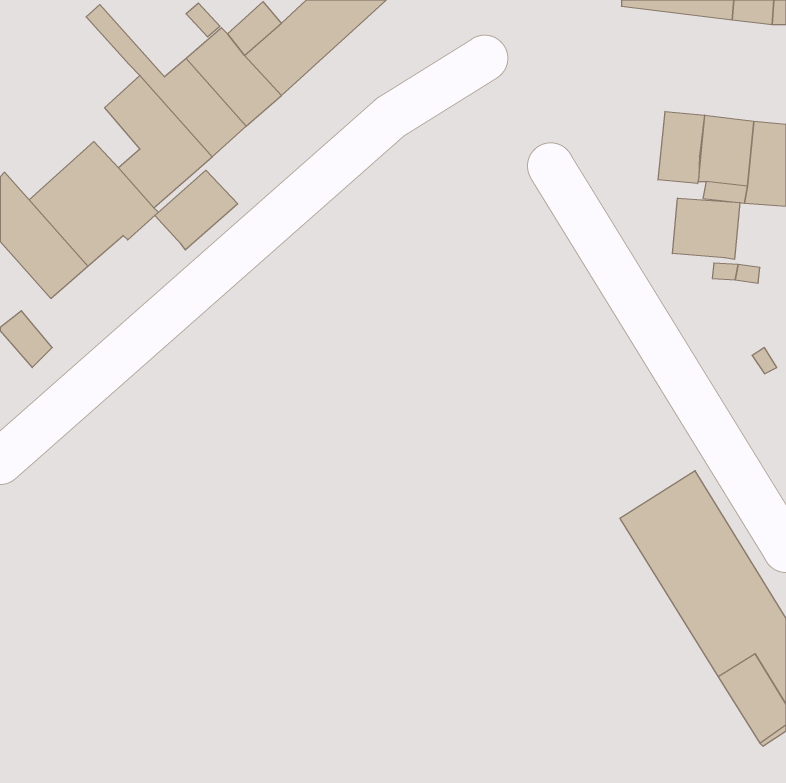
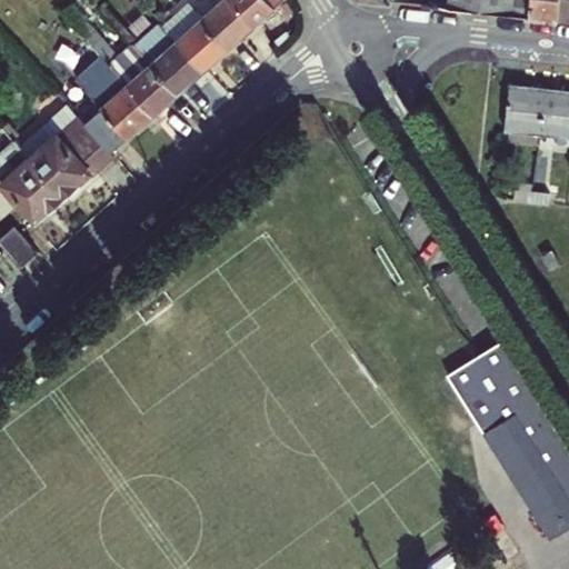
building: [658,111,705,184] -> none
building: [155,170,238,250] -> none
building: [672,198,740,259] -> none

